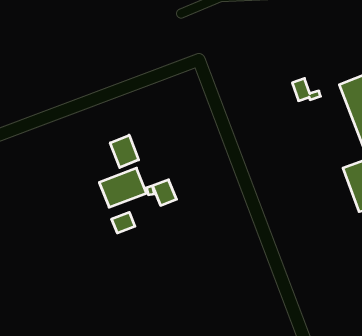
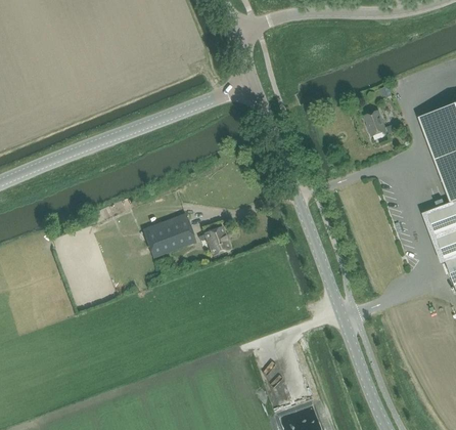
building: [110,135,139,168] -> none
building: [112,212,135,233] -> none

